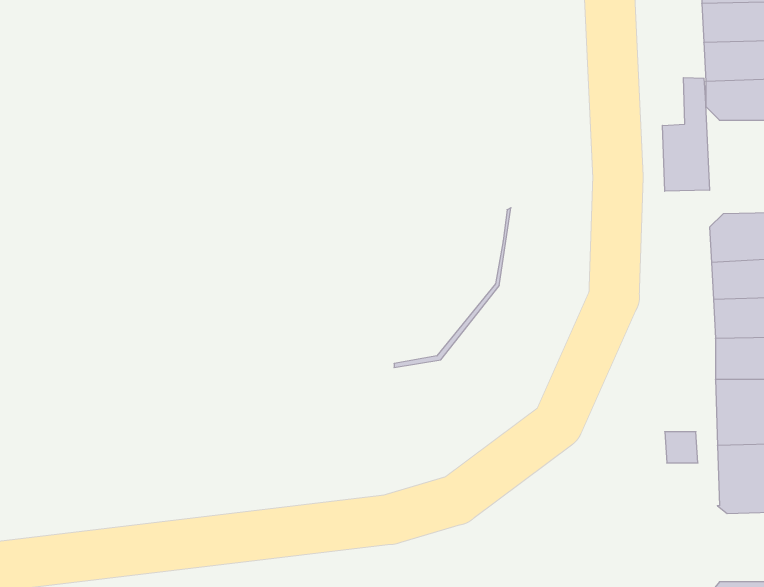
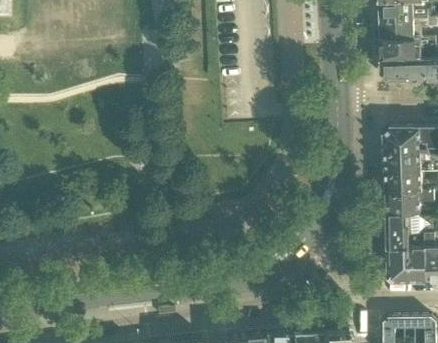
building: [662,78,710,191] -> none

